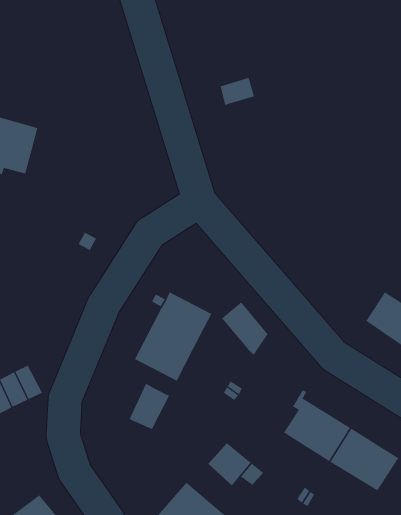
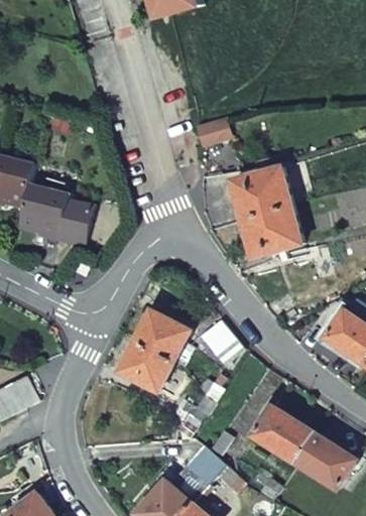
building: none -> [233,168,302,258]
building: none -> [18,183,92,248]
building: [129,383,170,430] -> none

